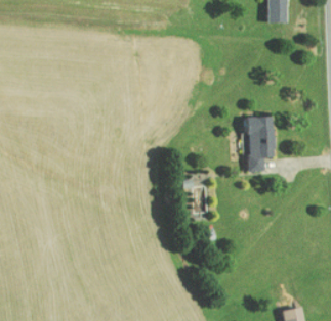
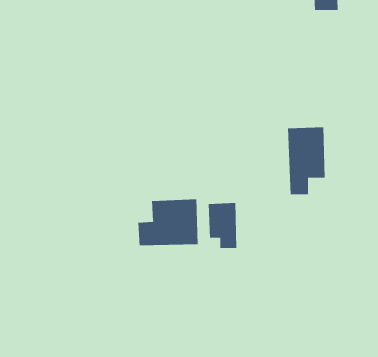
building: none -> [138,199,198,246]

